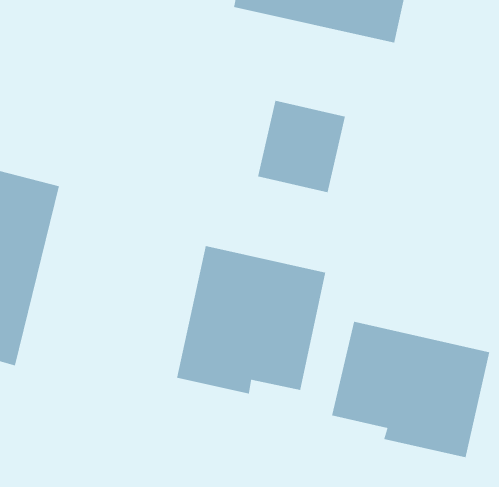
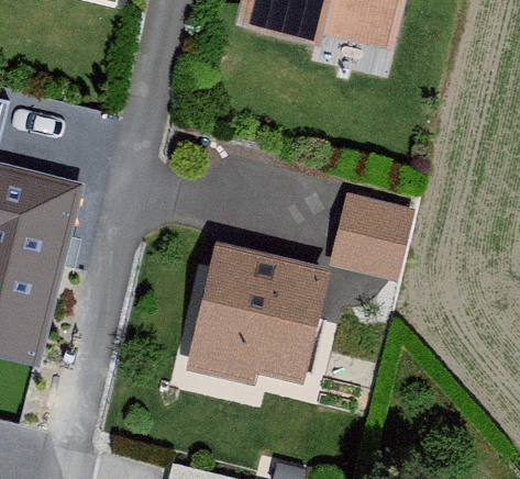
building: [257,100,346,193] -> [331,190,414,278]
building: [331,321,490,458] -> none

